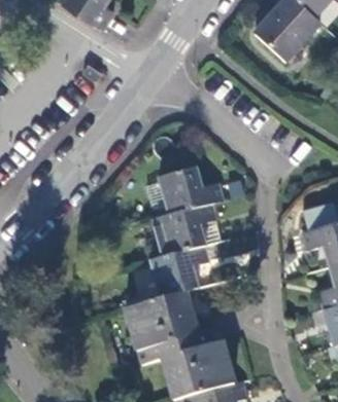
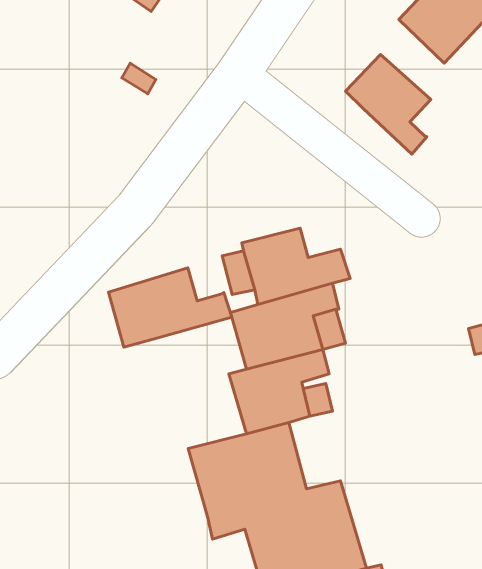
building: none -> [345,54,431,154]
building: none -> [109,268,232,347]

